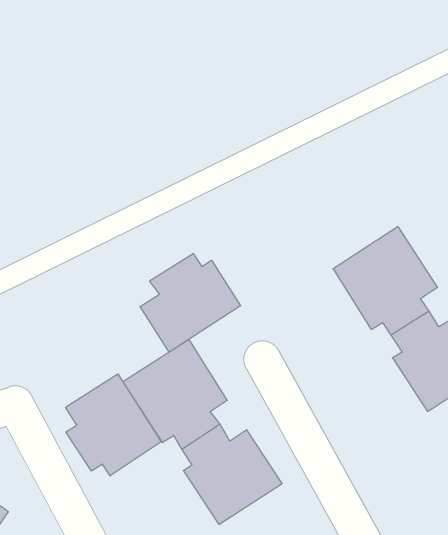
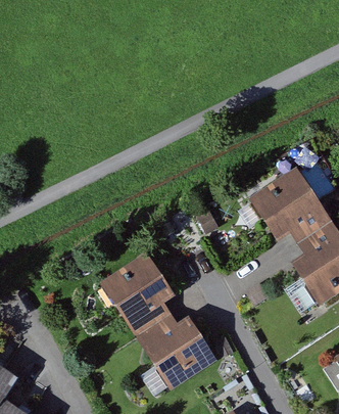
building: [140,253,241,352] -> none
building: [66,374,161,476] -> none

